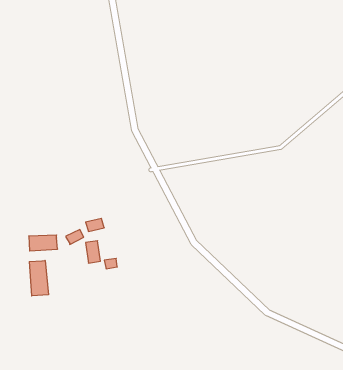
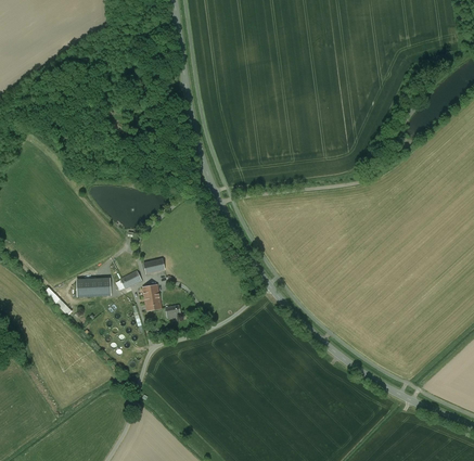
building: [29,260,48,296] -> none

